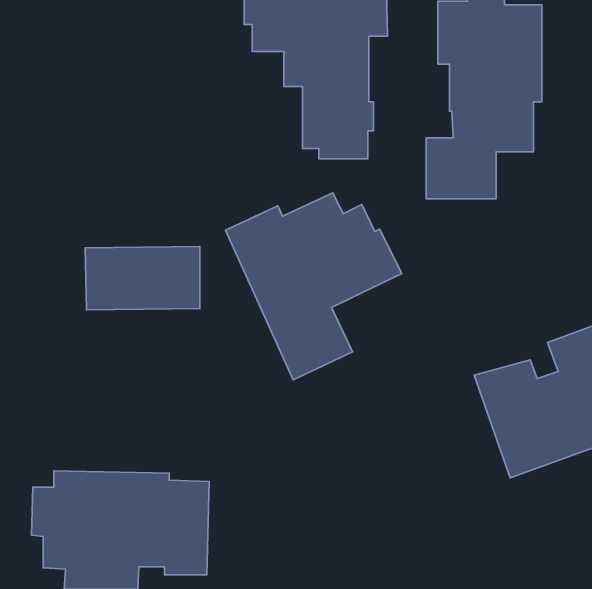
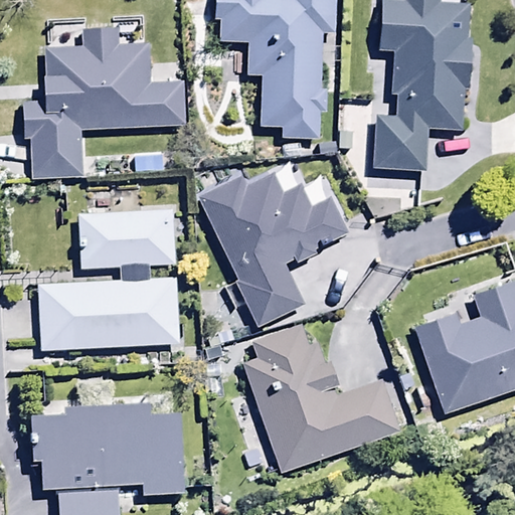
building: none -> [22,29,183,177]
building: none -> [38,278,182,349]
building: none -> [243,321,401,469]

